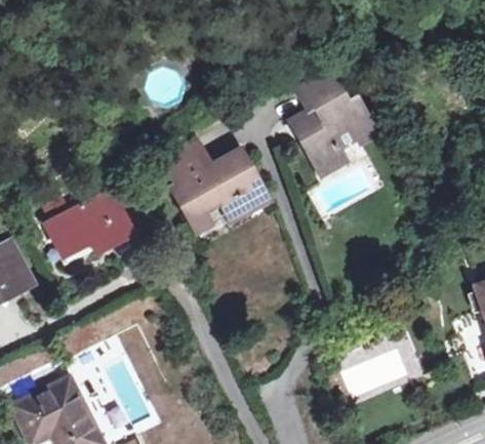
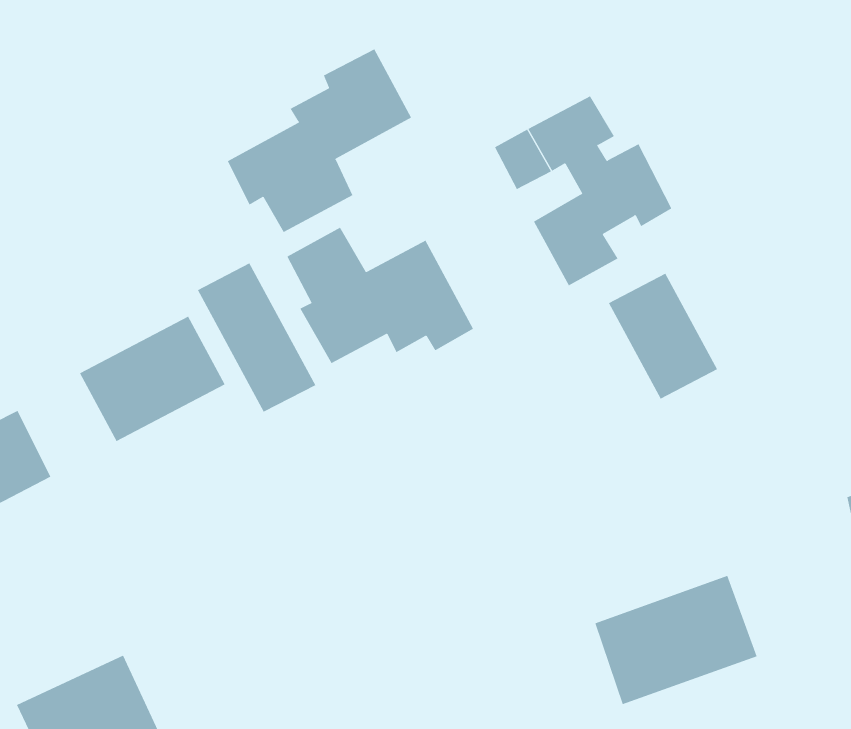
building: none -> [227,49,412,233]
building: none -> [197,263,316,413]
building: none -> [608,273,718,399]

